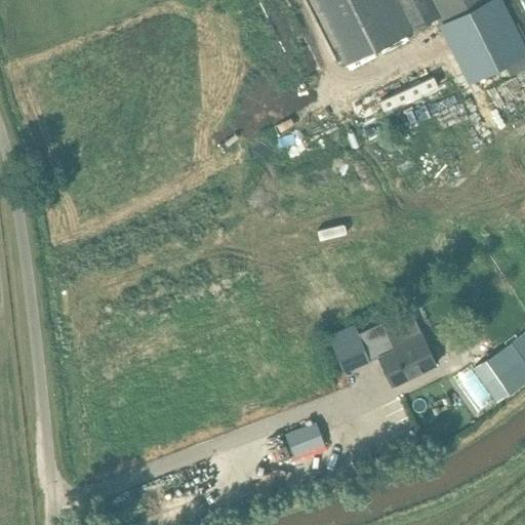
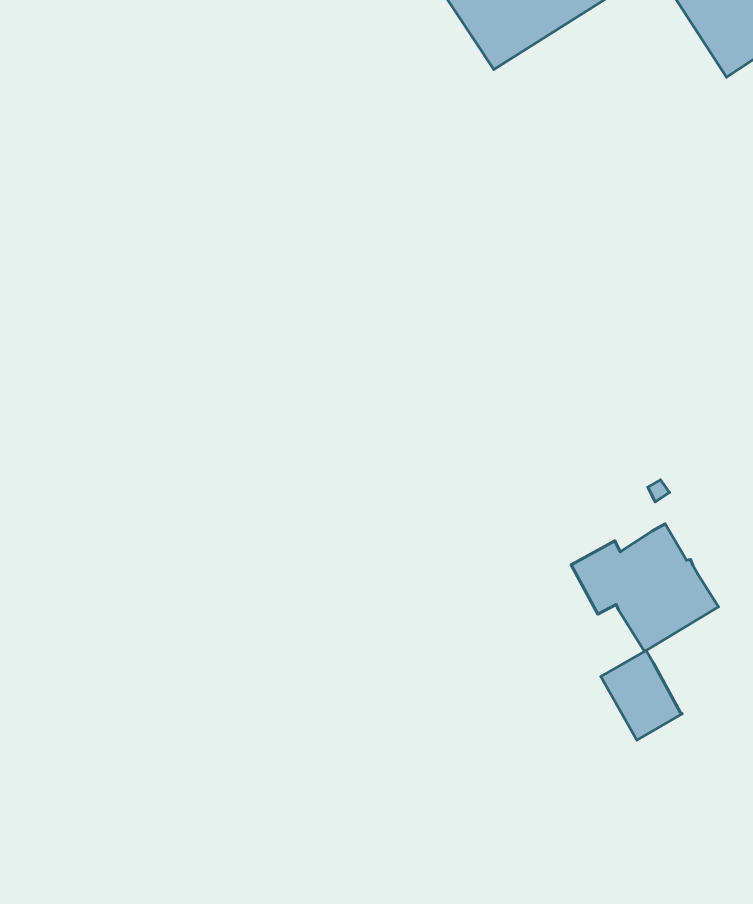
building: [330,326,371,373] -> [601,650,682,740]
building: [284,421,323,457] -> none

